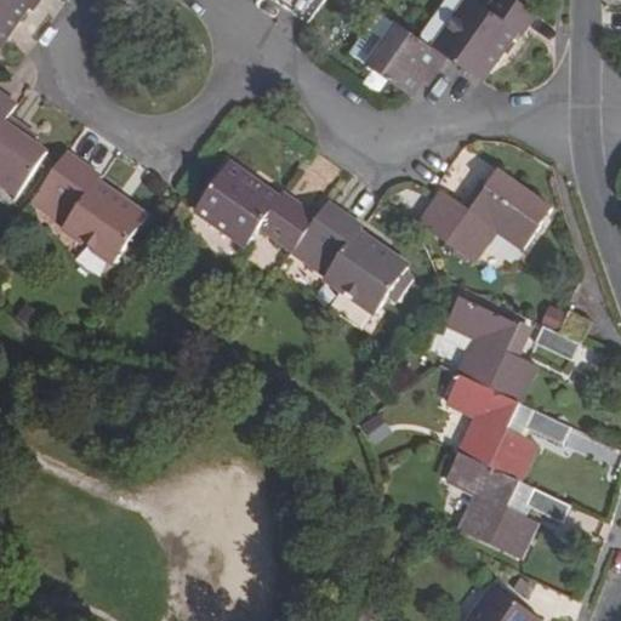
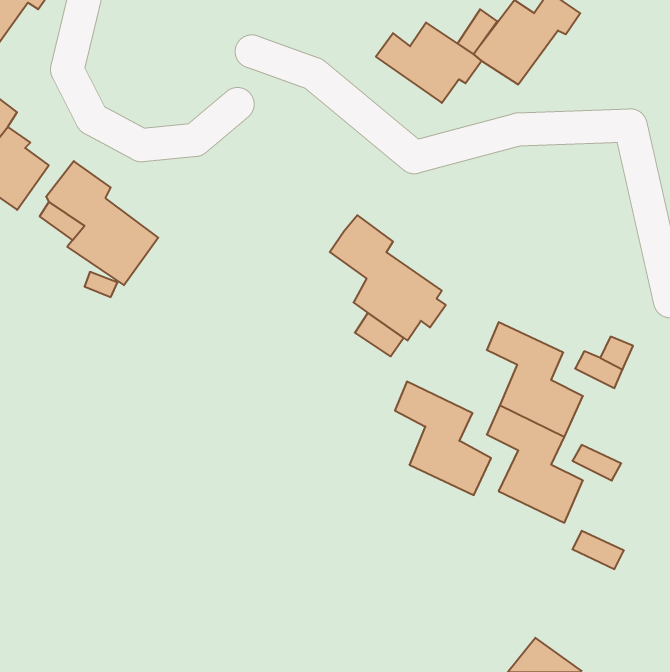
building: [195,164,317,249] -> none
building: [420,170,547,260] -> none
building: [448,451,536,556] -> [395,382,491,495]

